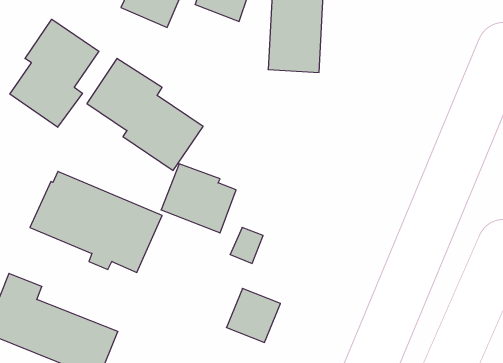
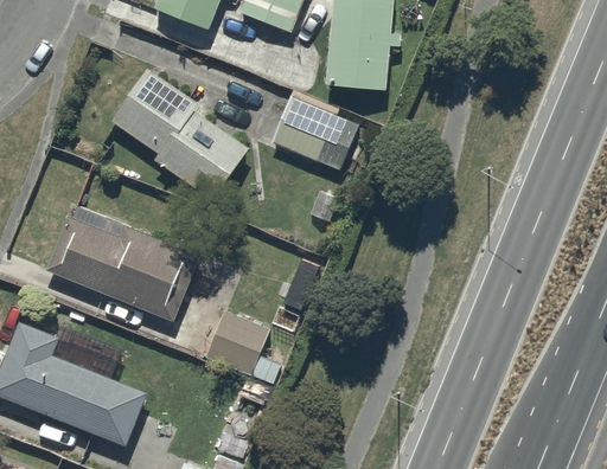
building: [10,19,99,127] -> none
building: [161,164,236,233] -> [270,89,359,171]
building: [226,288,280,342] -> [205,310,269,374]

